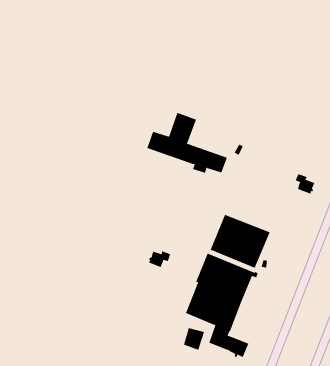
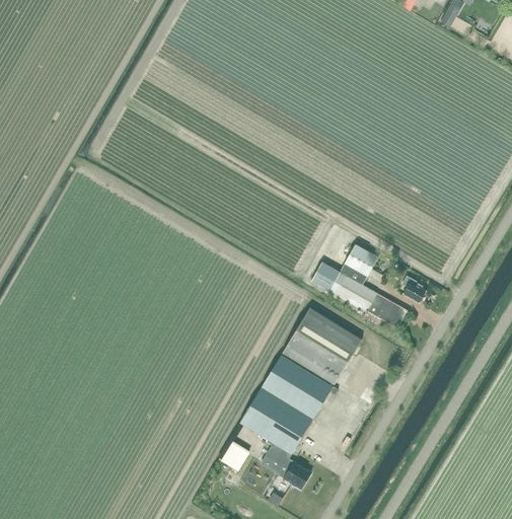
building: [146,112,228,174] -> [310,243,408,327]
building: [148,250,171,268] -> none

